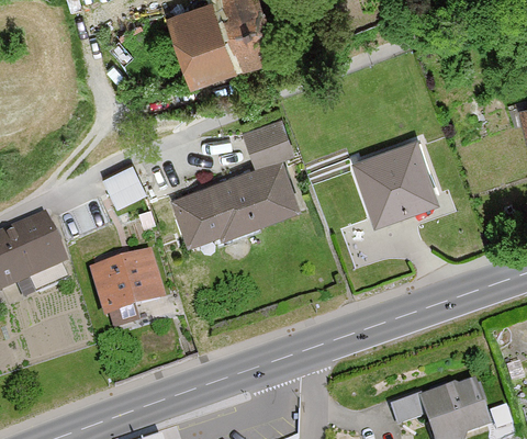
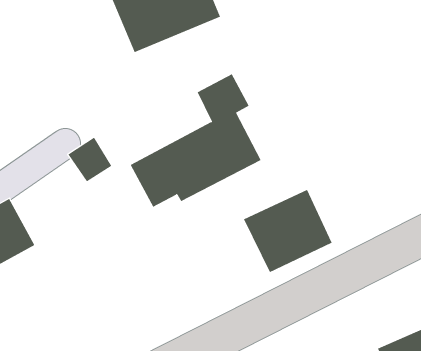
building: [355,140,440,218] -> [243,189,333,273]
building: [91,252,162,318] -> none

